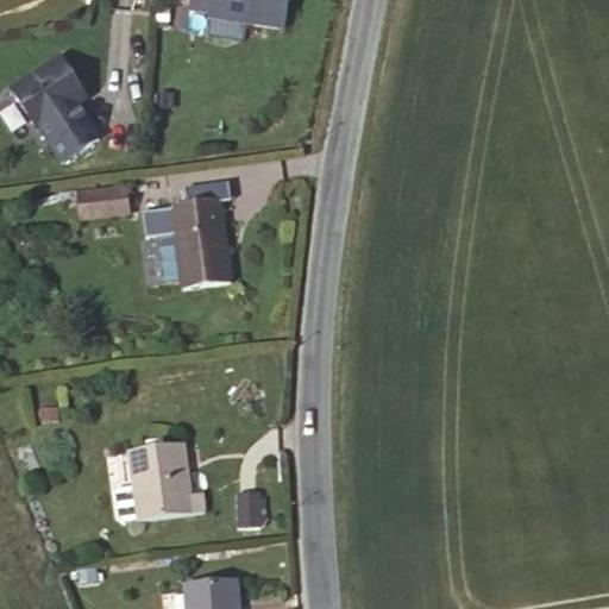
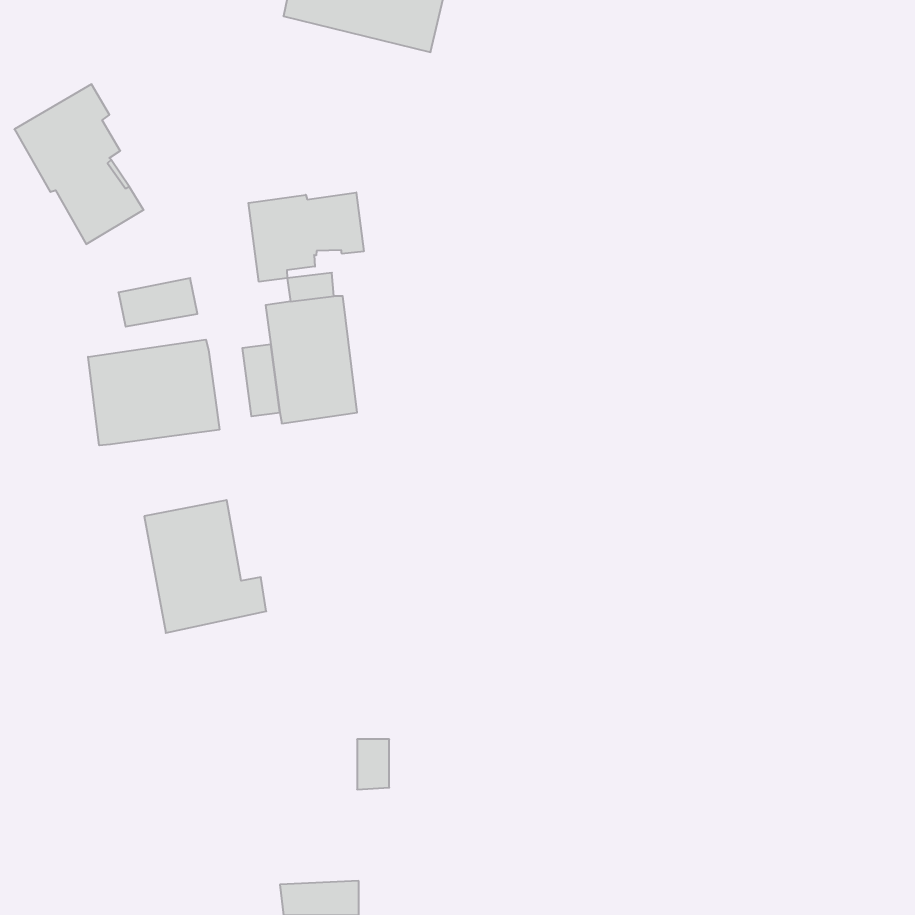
building: none -> [248,192,364,282]
building: none -> [88,340,219,445]
building: [124,438,205,526] -> [144,500,266,633]

